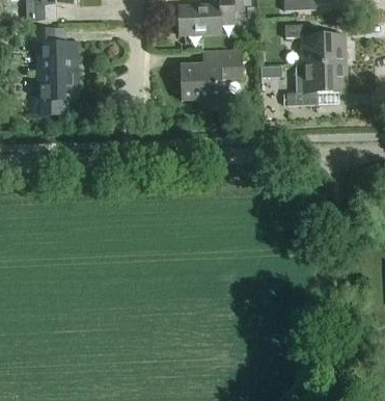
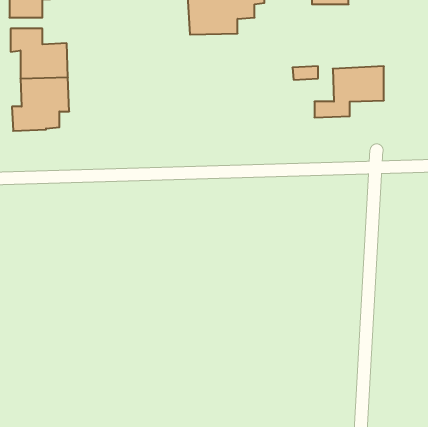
building: [285,23,346,63] -> none
building: [181,50,243,98] -> none

